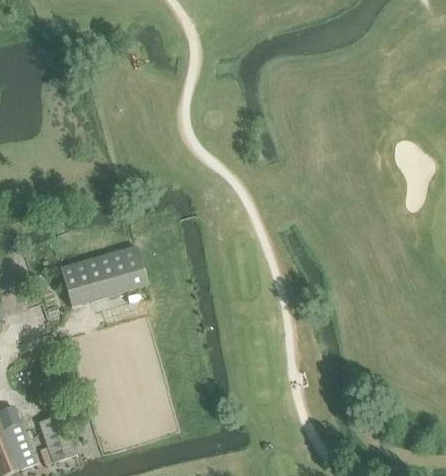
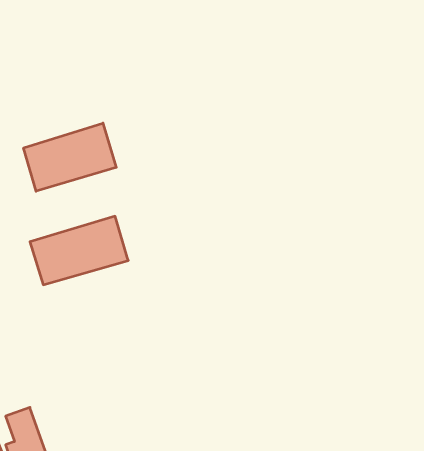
building: none -> [24,123,116,191]

